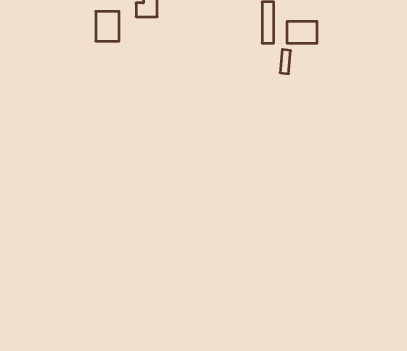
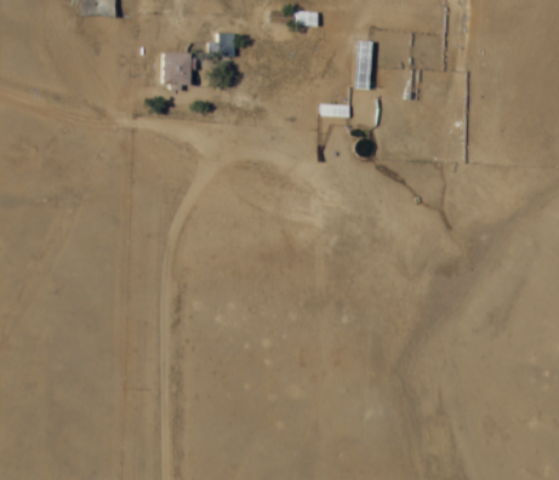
building: [287,21,317,43] -> none

